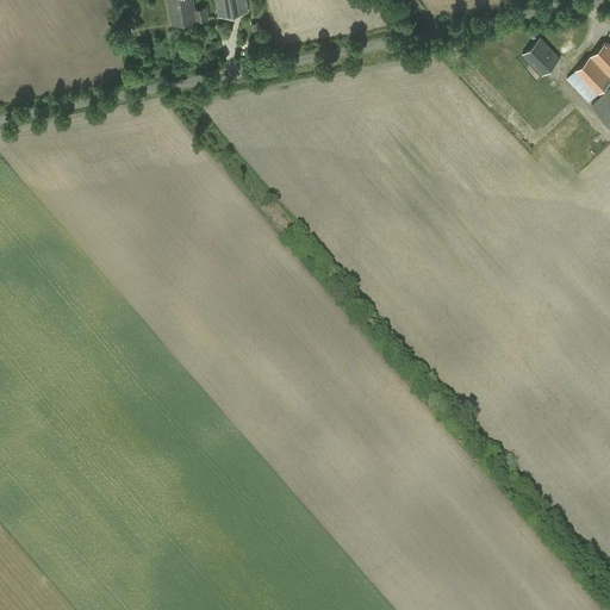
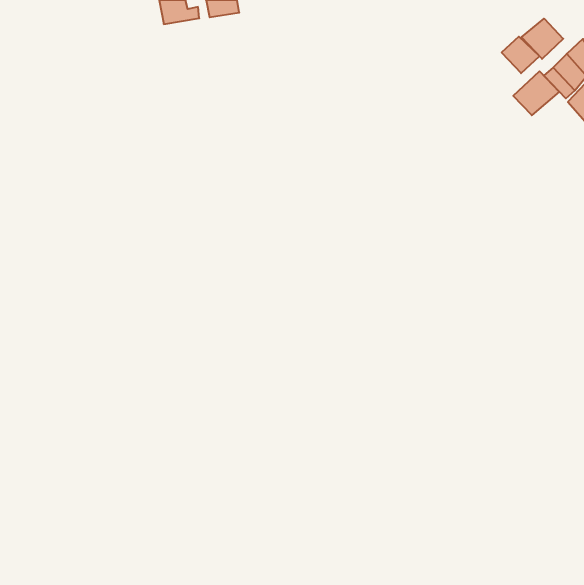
building: none -> [521,19,563,59]
building: none -> [513,71,559,115]

